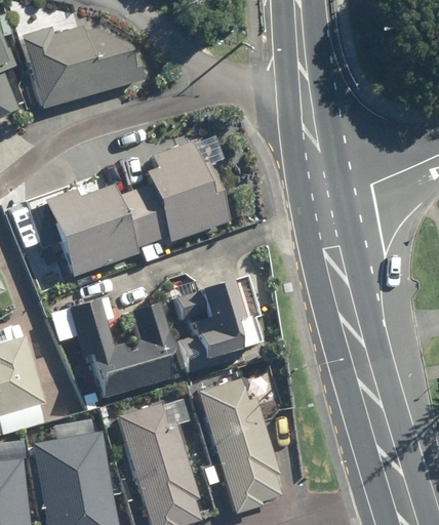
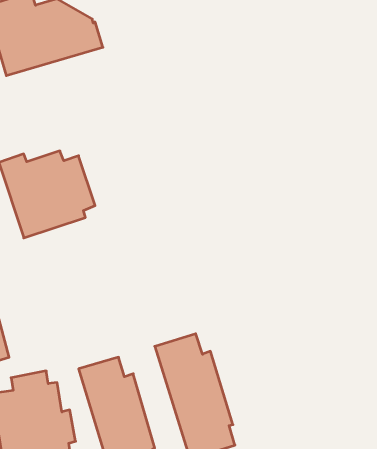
building: [119,137,217,245] -> none
building: [177,283,244,372] -> none
building: [77,300,177,399] -> none

